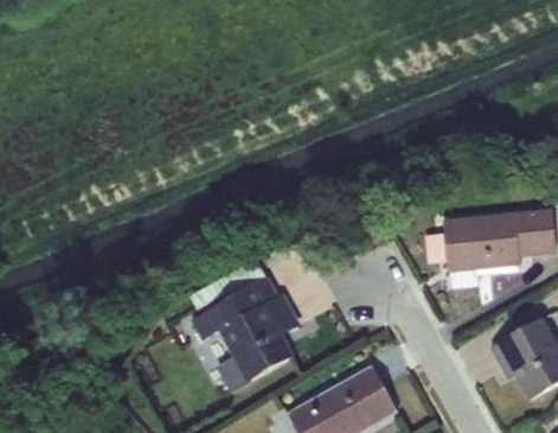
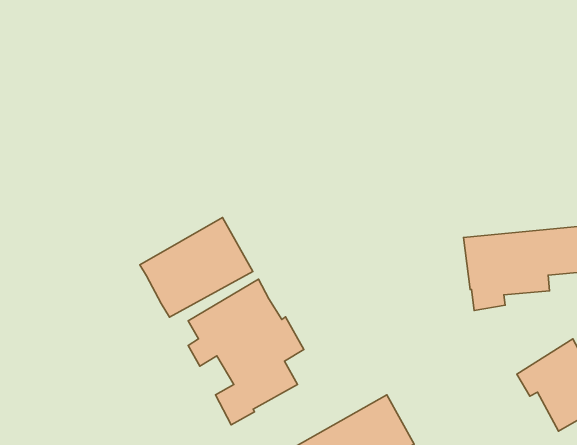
building: none -> [140,218,253,317]

